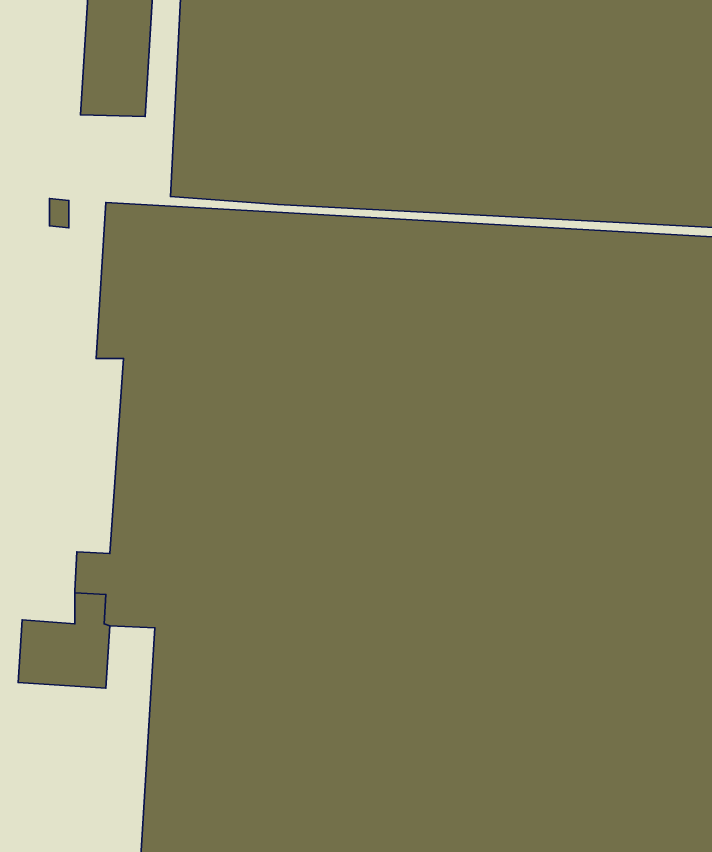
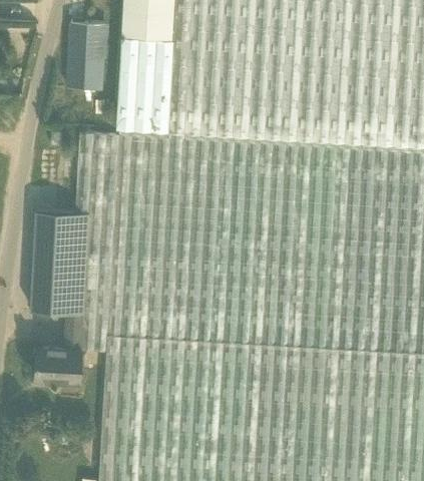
building: none -> [32,208,90,311]

